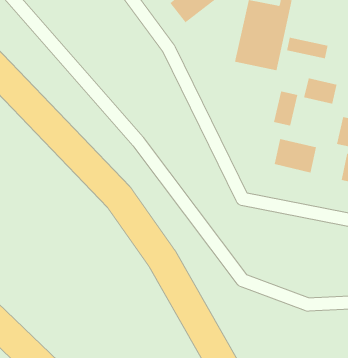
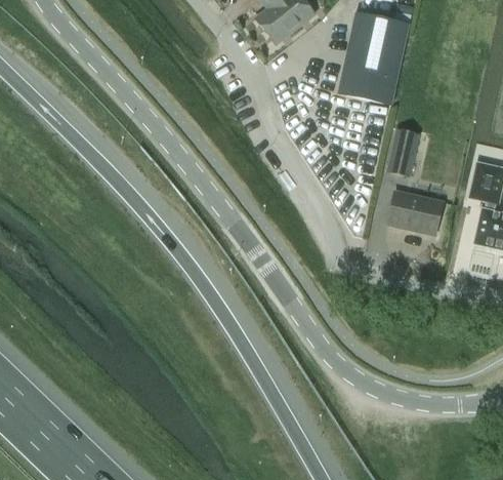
building: [286,37,328,59] -> none
building: [304,77,337,105] -> none

